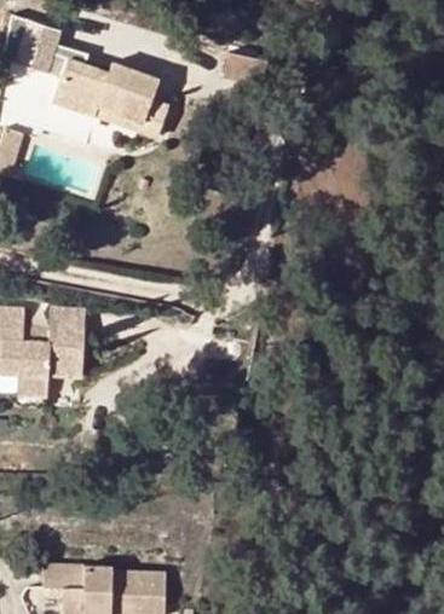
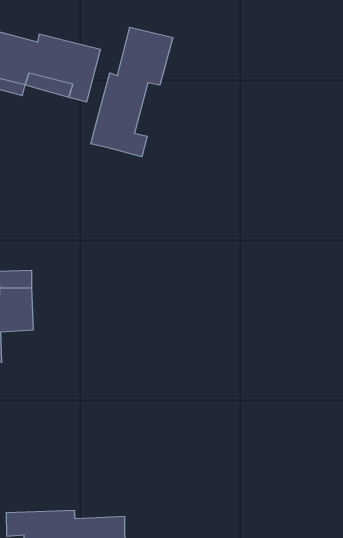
building: none -> [91,27,173,157]

